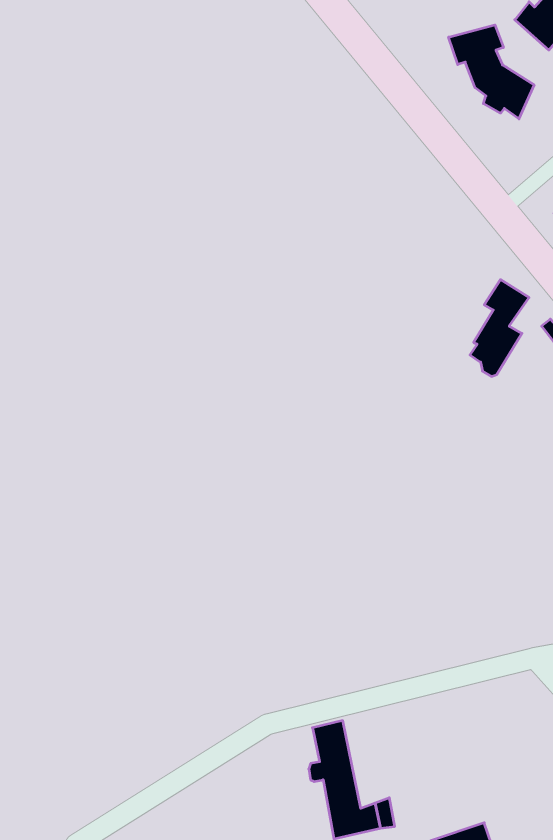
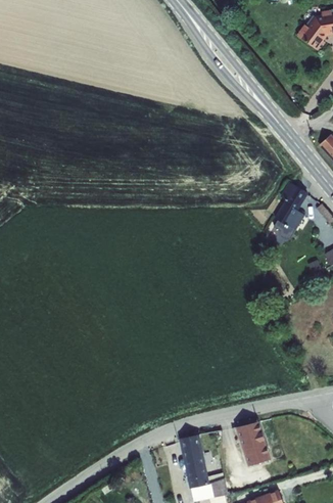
building: [449,25,534,119] -> none
building: none -> [237,418,274,462]

